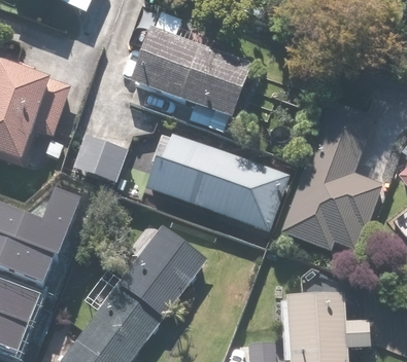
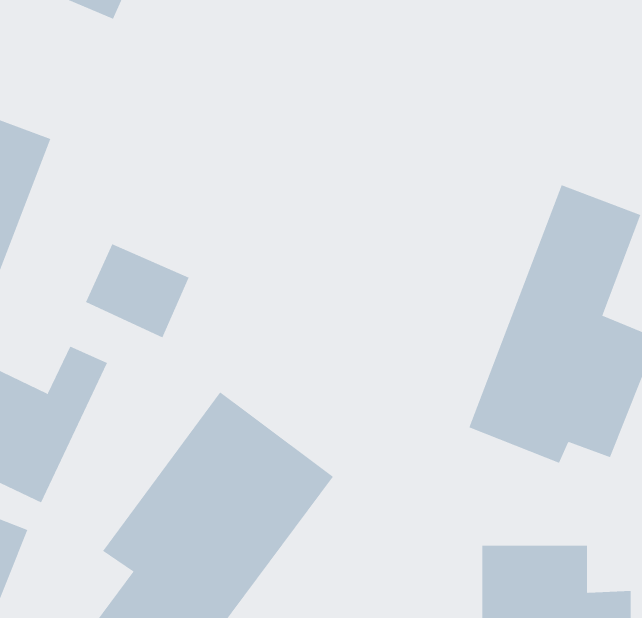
building: [131,9,249,134] -> none
building: [142,133,290,232] -> none

